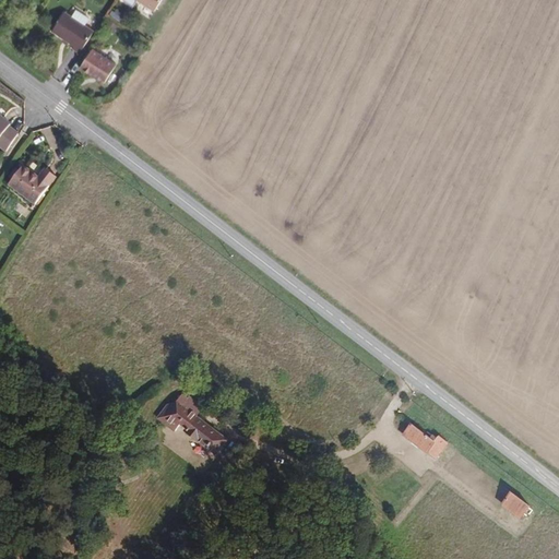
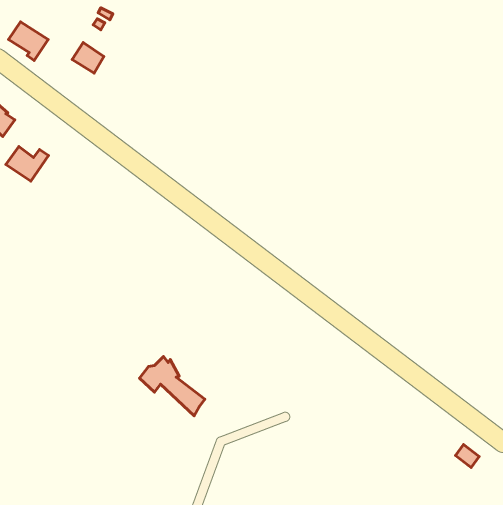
building: [50,12,94,55] -> [8,22,48,60]
building: [402,424,445,457] -> none

